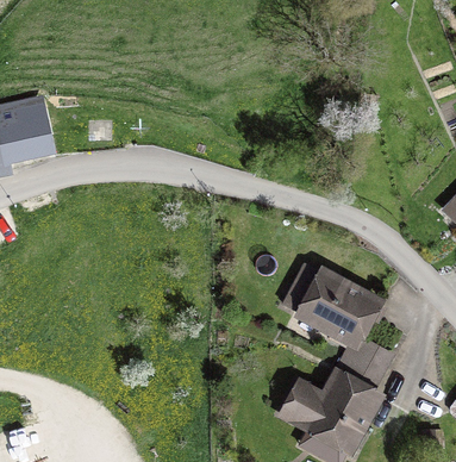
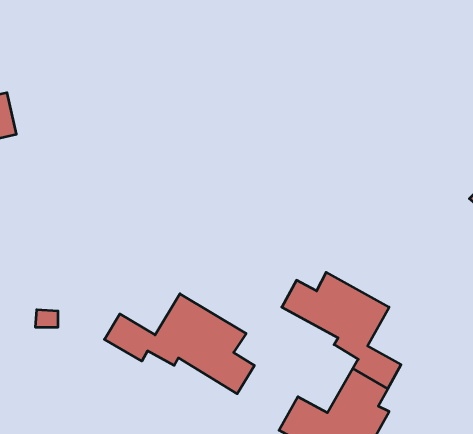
building: none -> [104,294,254,394]

